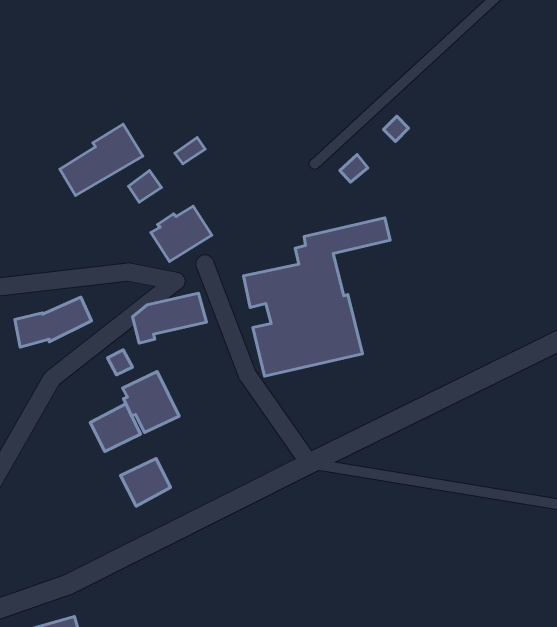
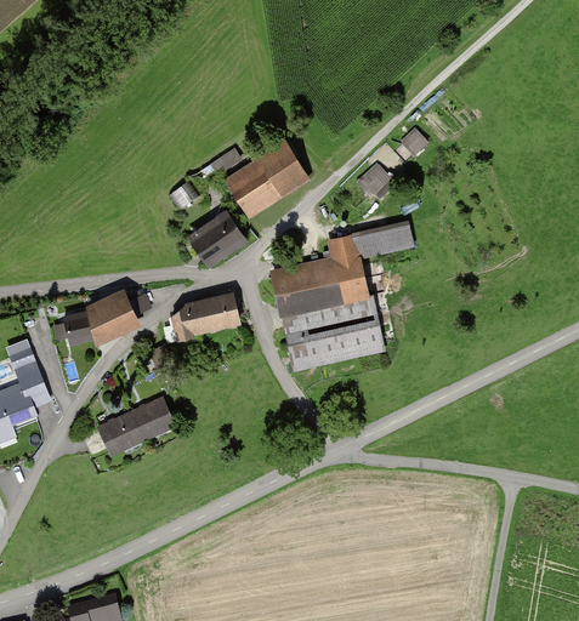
building: [60,124,143,196] -> [228,144,305,210]
building: [123,371,179,433] -> none
building: [120,458,171,506] -> [100,412,146,456]

